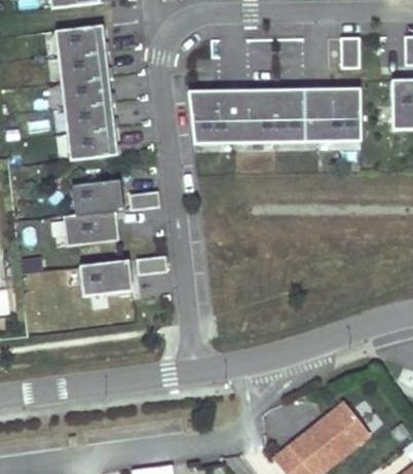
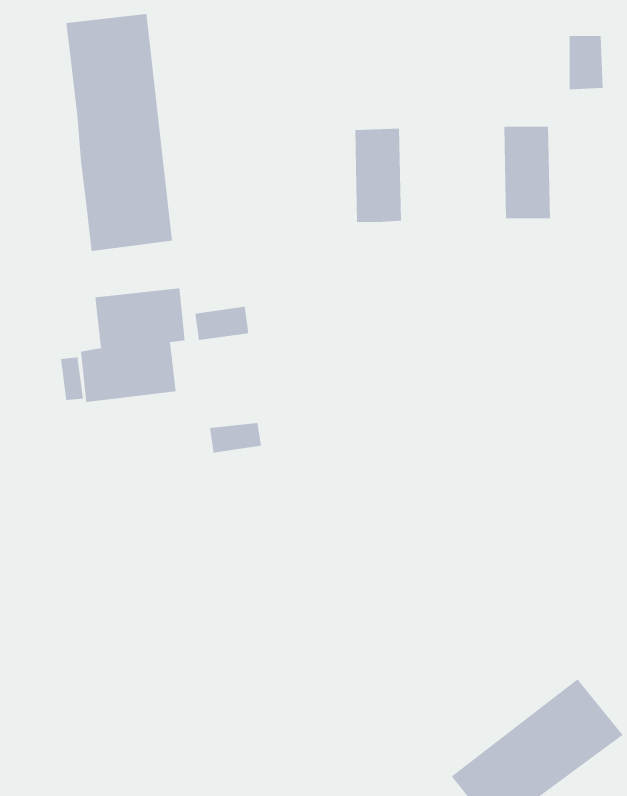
building: [329,87,360,141] -> none
building: [245,88,304,142] -> none
building: [188,90,220,143] -> none
building: [80,260,133,295] -> none

